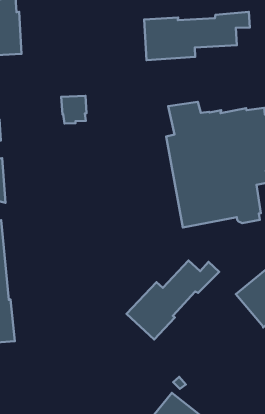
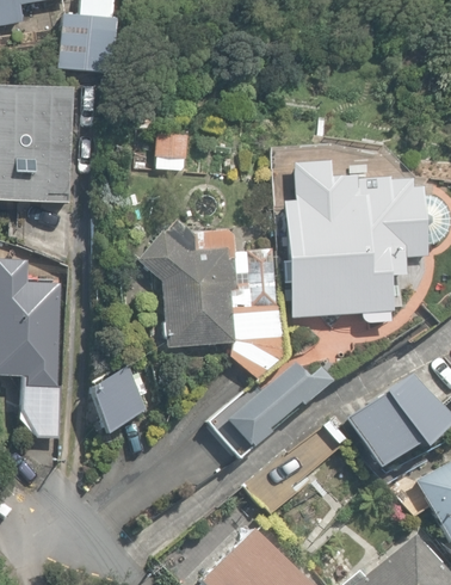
building: [144,12,250,60] -> none
building: none -> [138,218,288,380]
building: none -> [93,364,149,433]

